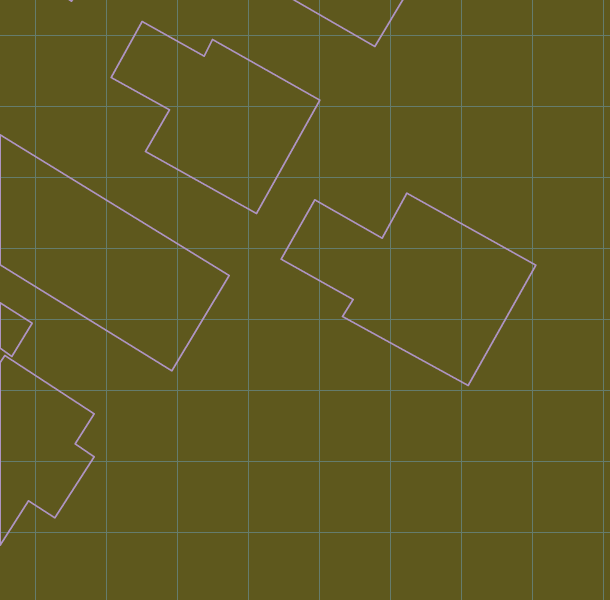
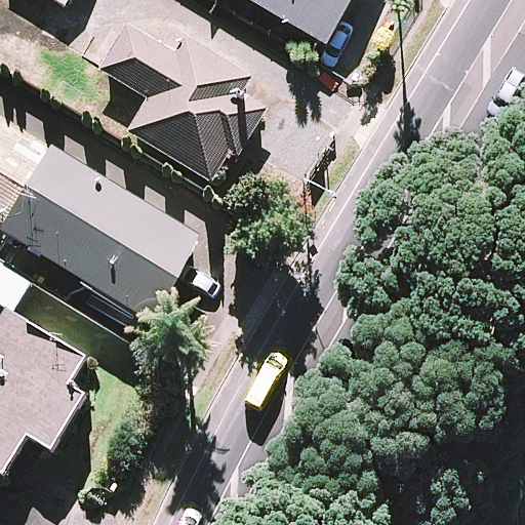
building: [281,193,536,386] -> none

